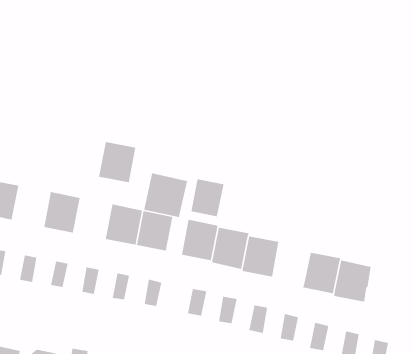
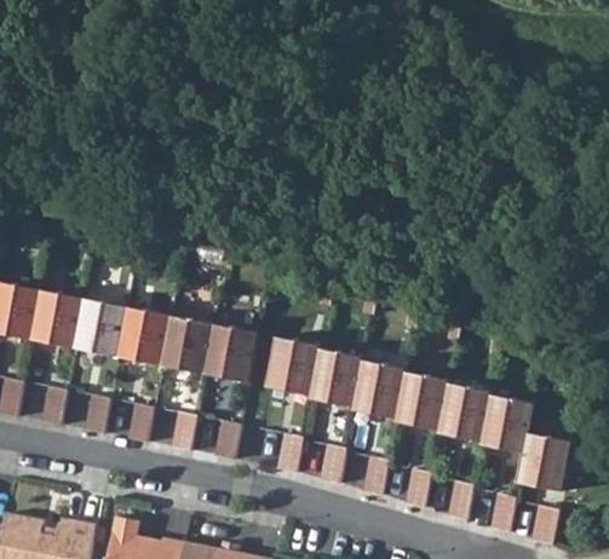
building: [98,141,136,183] -> [116,306,170,364]
building: [143,173,188,218] -> none
building: [191,179,224,217] -> none
building: none -> [30,289,84,347]
building: none -> [393,370,447,428]
building: none -> [516,432,570,490]

